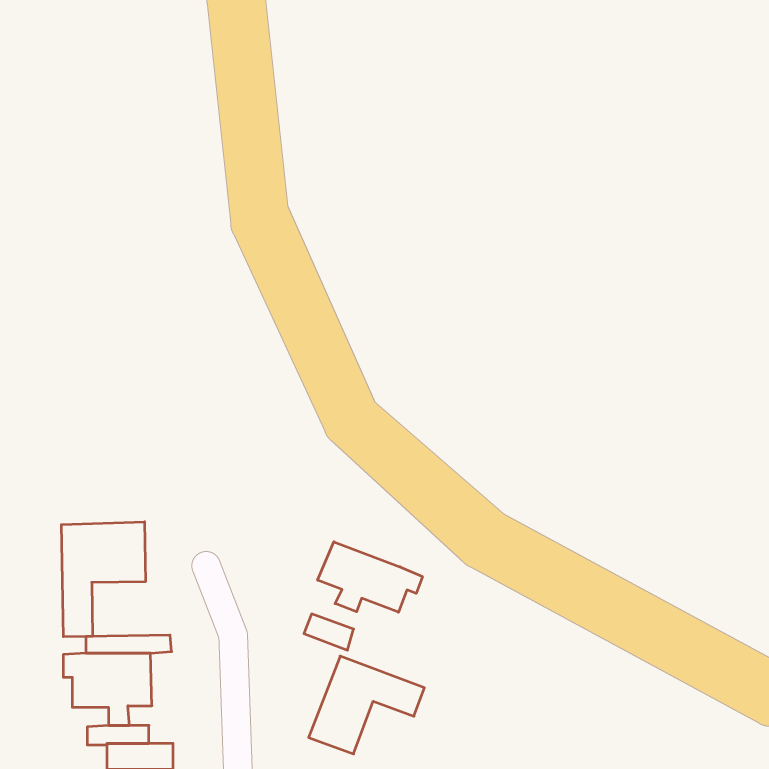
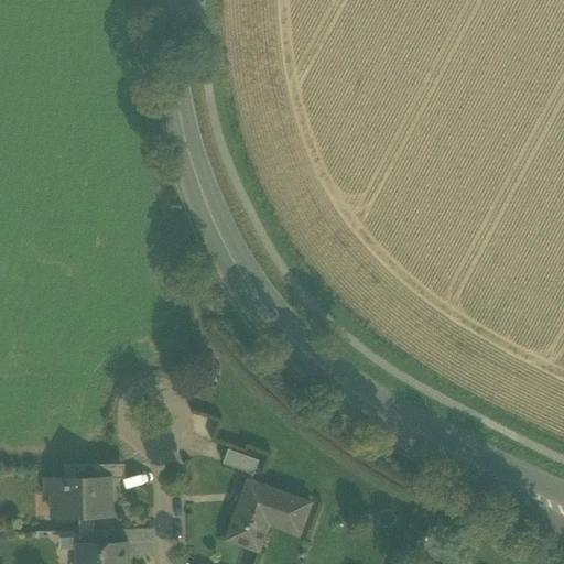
building: [61,522,145,637] -> none
building: [318,542,422,612] -> none

